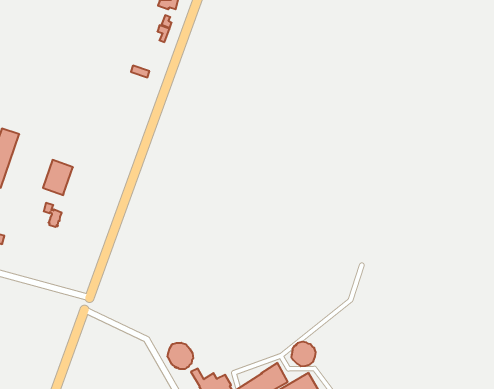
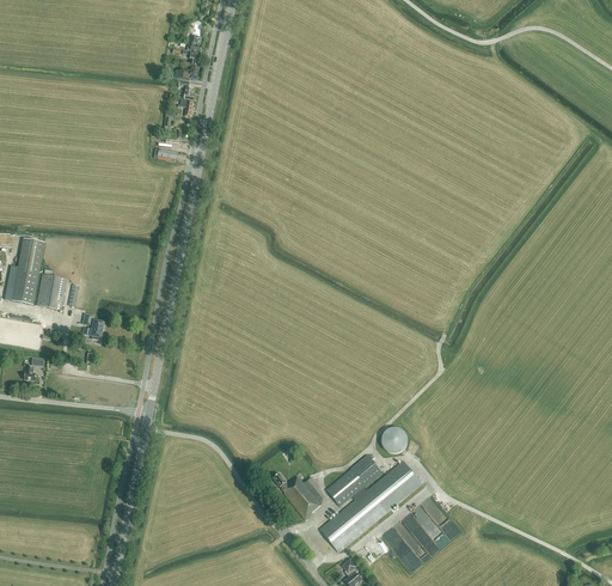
building: [43,160,73,195] -> [36,271,66,309]
building: [167,343,193,369] -> none

